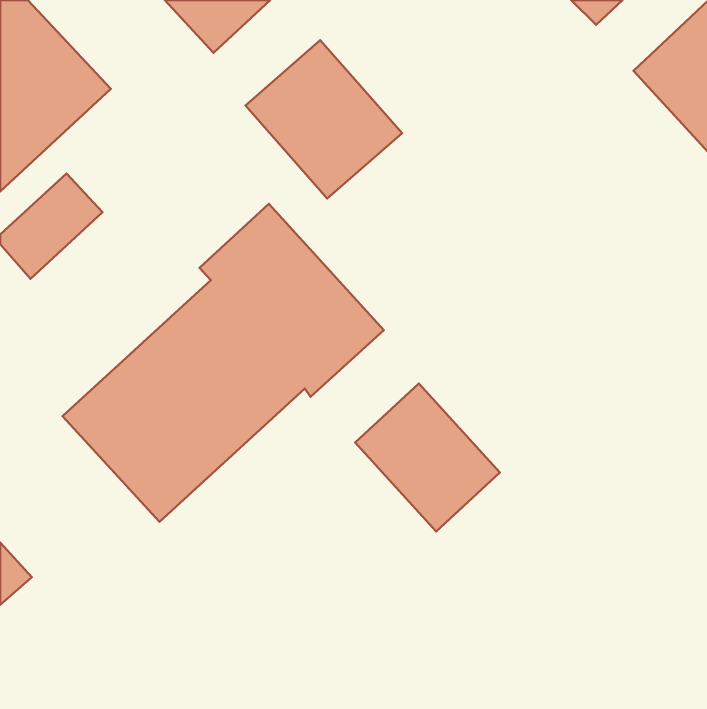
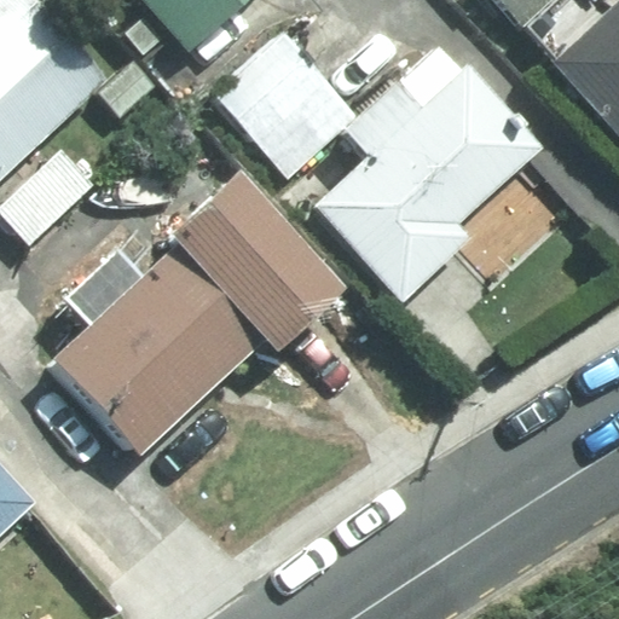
building: none -> [313,65,539,296]
building: [355,384,500,531] -> none

